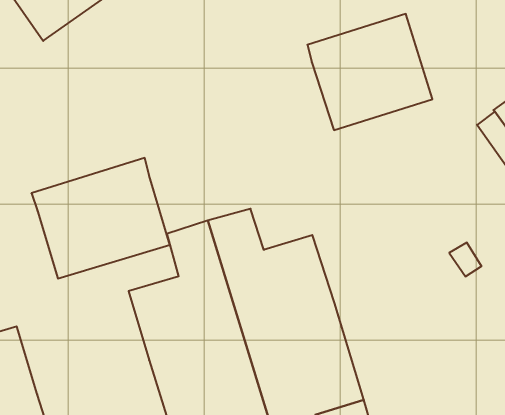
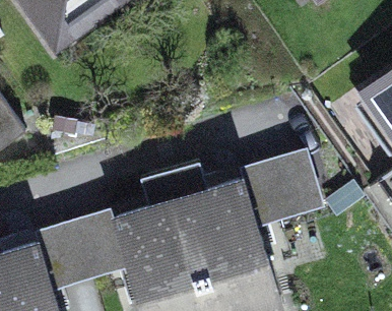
building: [307,14,432,130] -> [239,147,325,228]
building: [31,158,170,279] -> [34,207,129,291]

